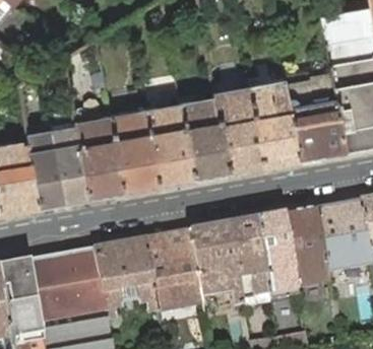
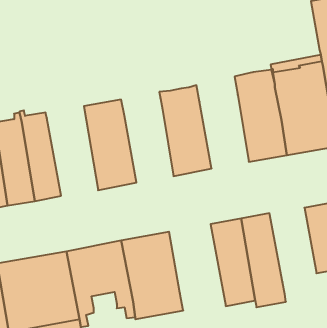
building: [214,86,263,171] -> none
building: [144,107,193,185] -> none
building: [74,114,123,197] -> none
building: [283,208,328,288] -> none
building: [189,223,244,311] -> none

